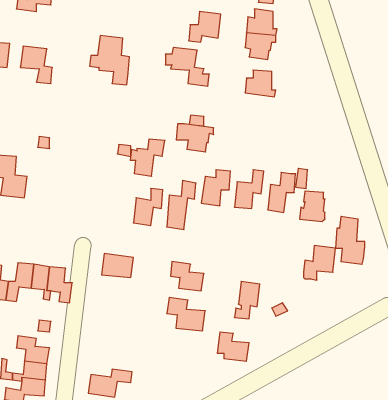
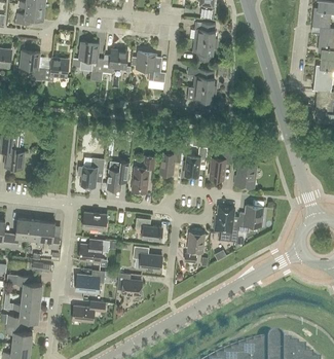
building: [189,12,221,42] -> [103,47,127,71]
building: none -> [43,56,69,80]
building: [176,124,214,152] -> [187,85,216,107]
building: [130,139,165,176] -> [78,156,105,185]
building: [336,216,365,264] -> [216,205,238,242]
building: none -> [79,238,109,260]
building: none -> [75,268,105,292]
building: [217,332,249,361] -> [117,272,142,294]

